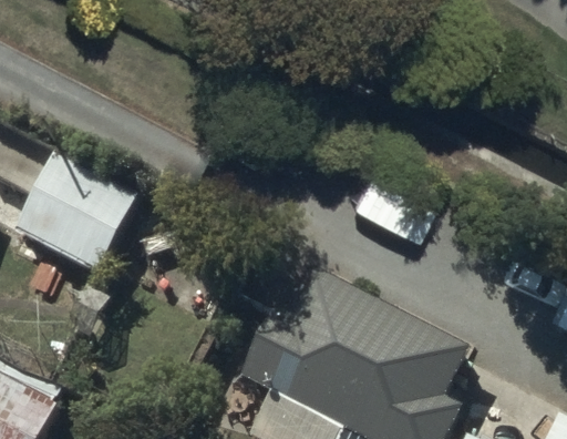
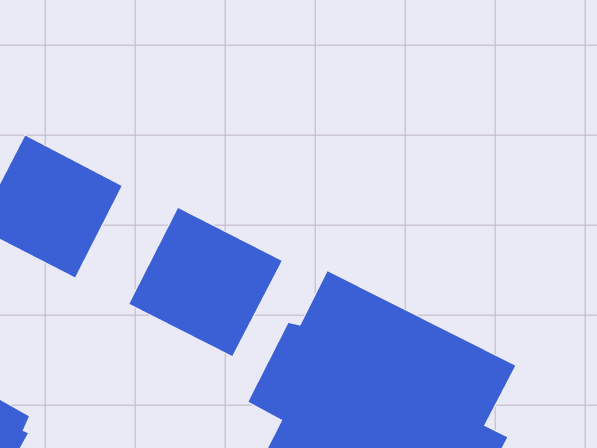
building: none -> [129,207,282,357]

